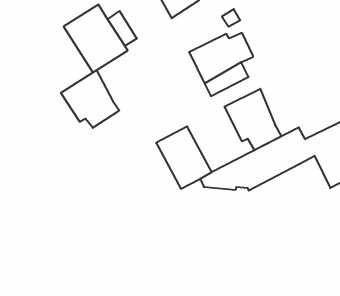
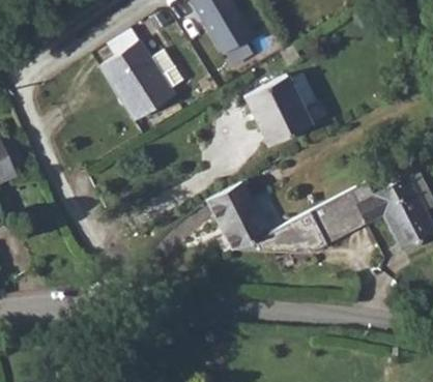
building: [61,70,119,128] -> none
building: [224,89,281,150] -> none

